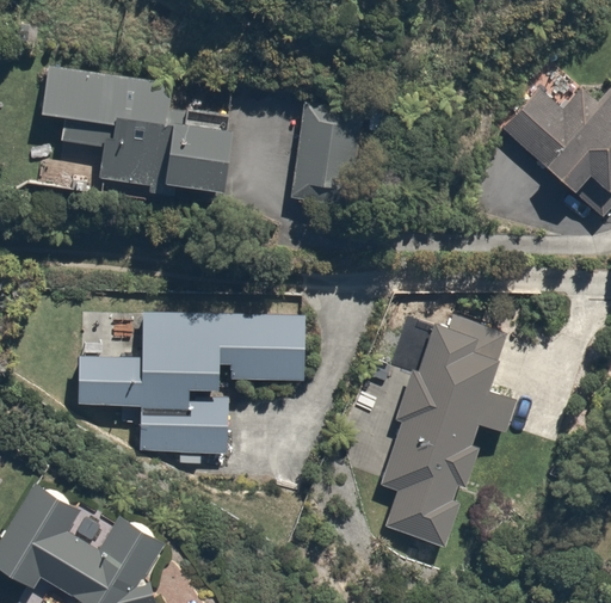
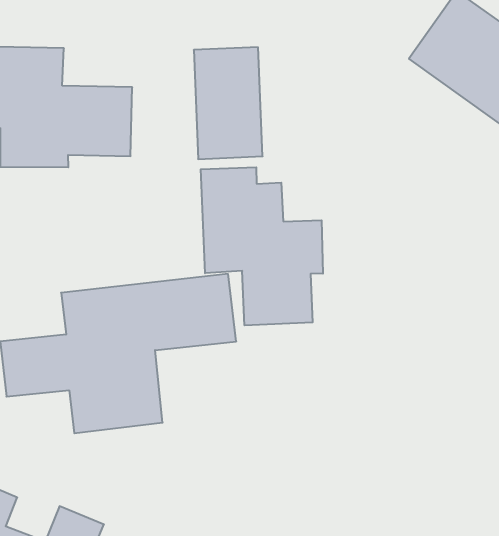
building: none -> [201,167,323,325]
building: [378,318,514,544] -> none

